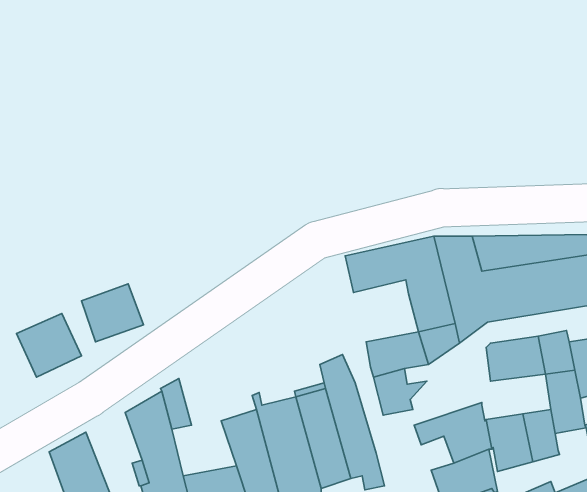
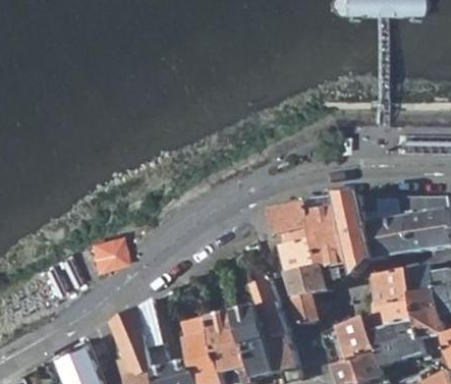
building: none -> [279,238,323,273]
building: none -> [369,296,418,330]

